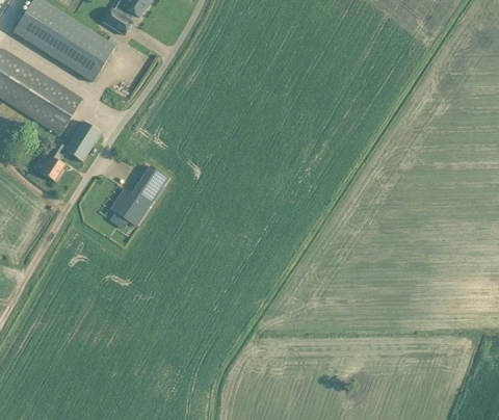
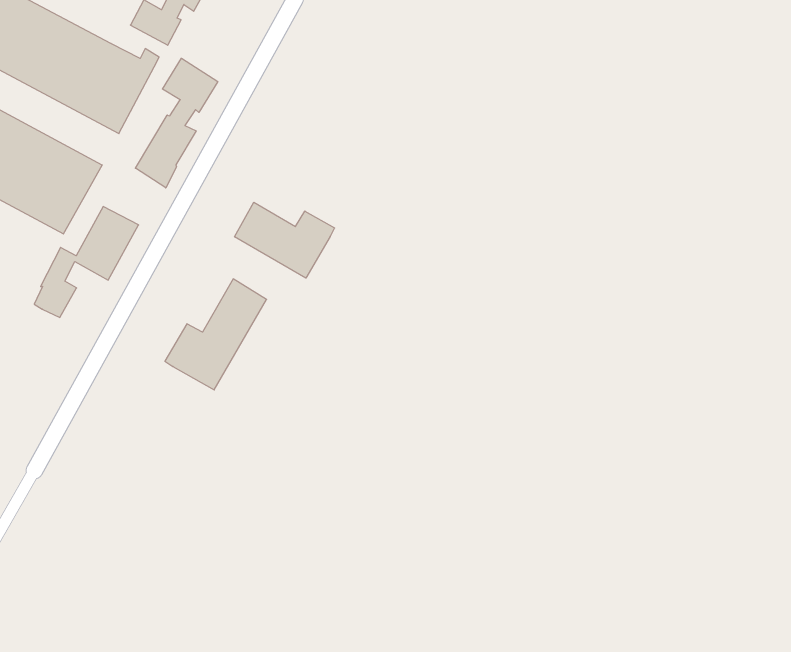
building: none -> [135,58,218,188]
building: none -> [235,202,335,278]

